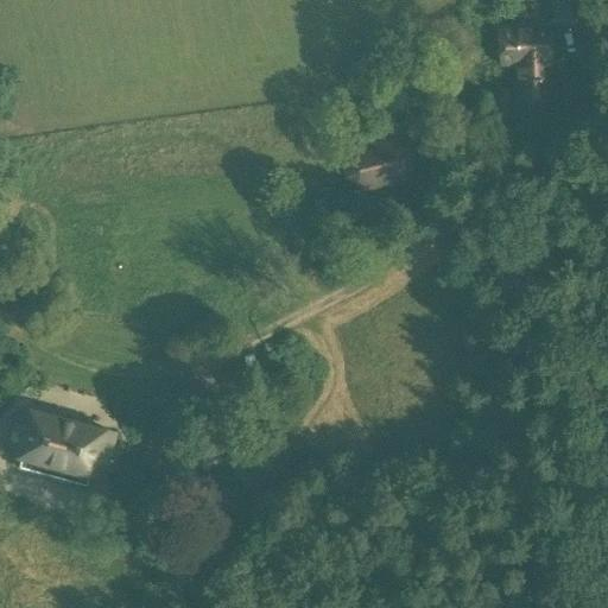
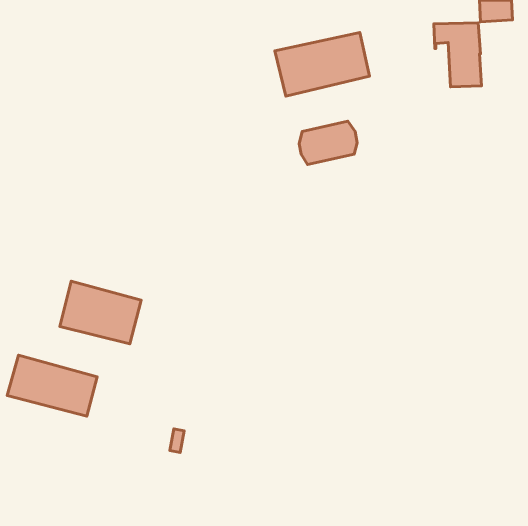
building: none -> [275,32,370,96]
building: none -> [60,281,141,344]

